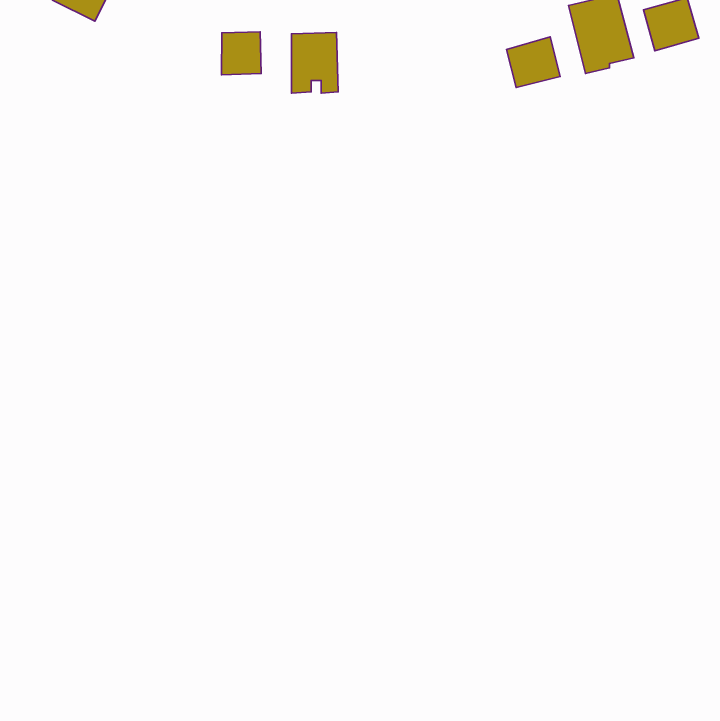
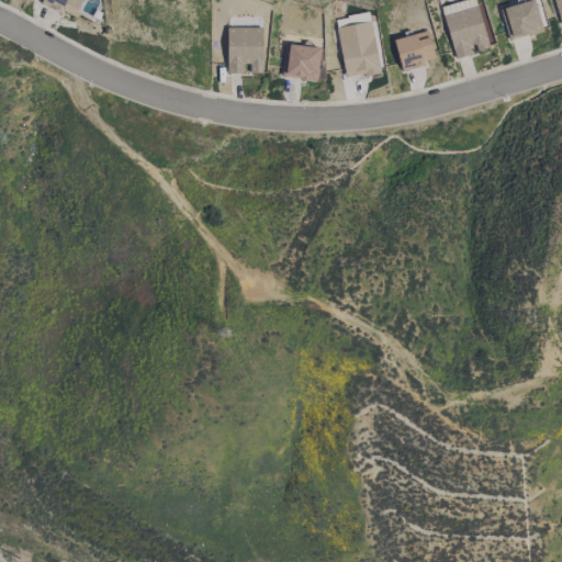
building: none -> [338,20,382,77]
building: [221,32,261,75] -> none
building: none -> [284,44,322,78]

